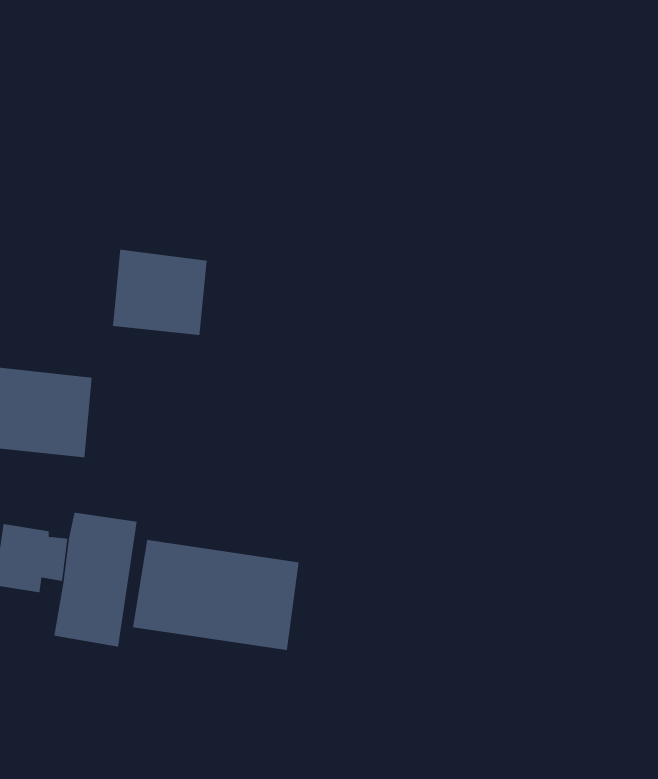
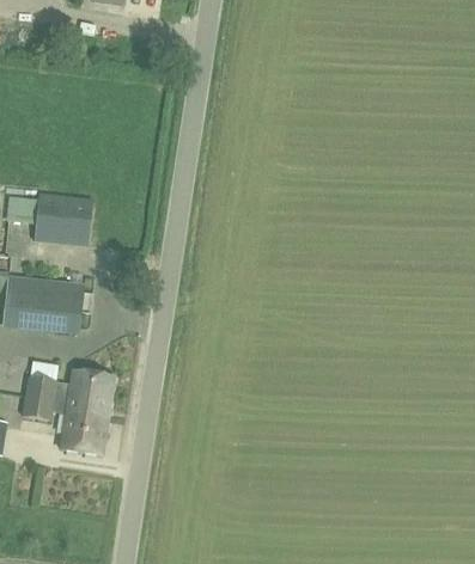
building: [112,249,208,335] -> [32,190,93,245]
building: [132,539,299,651] -> none

